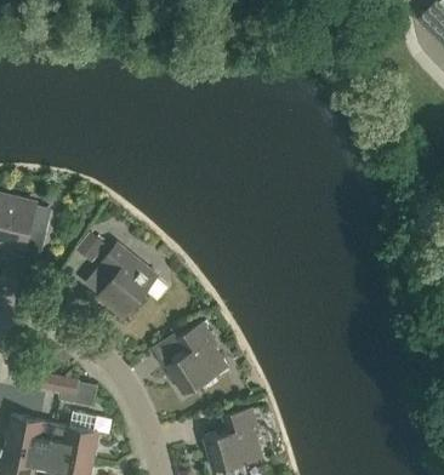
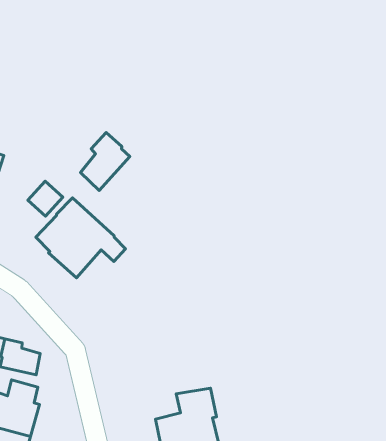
building: none -> [80,132,130,190]
building: [166,322,227,395] -> none

